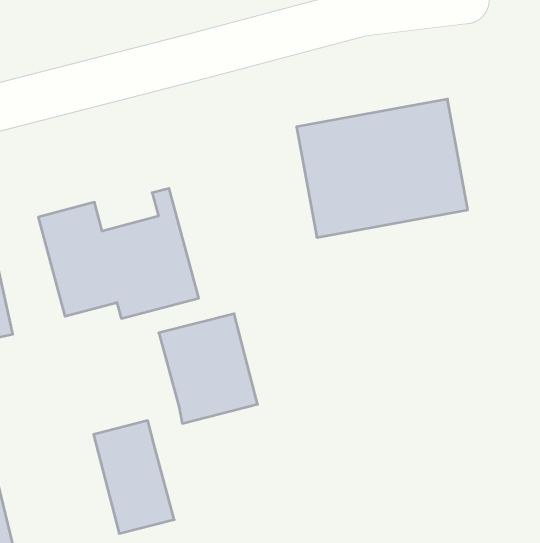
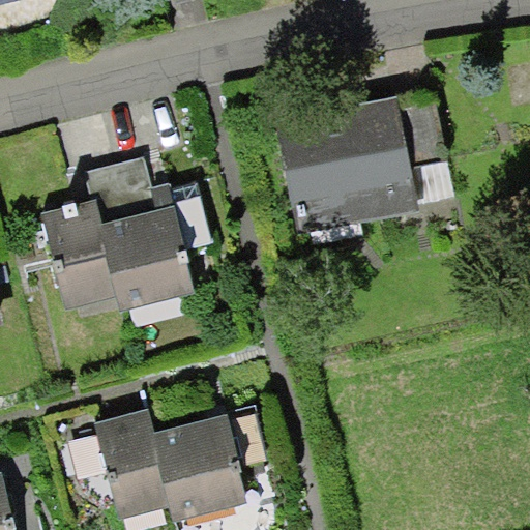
building: none -> [85,155,154,226]
building: [159,314,258,423] -> [150,415,246,522]

